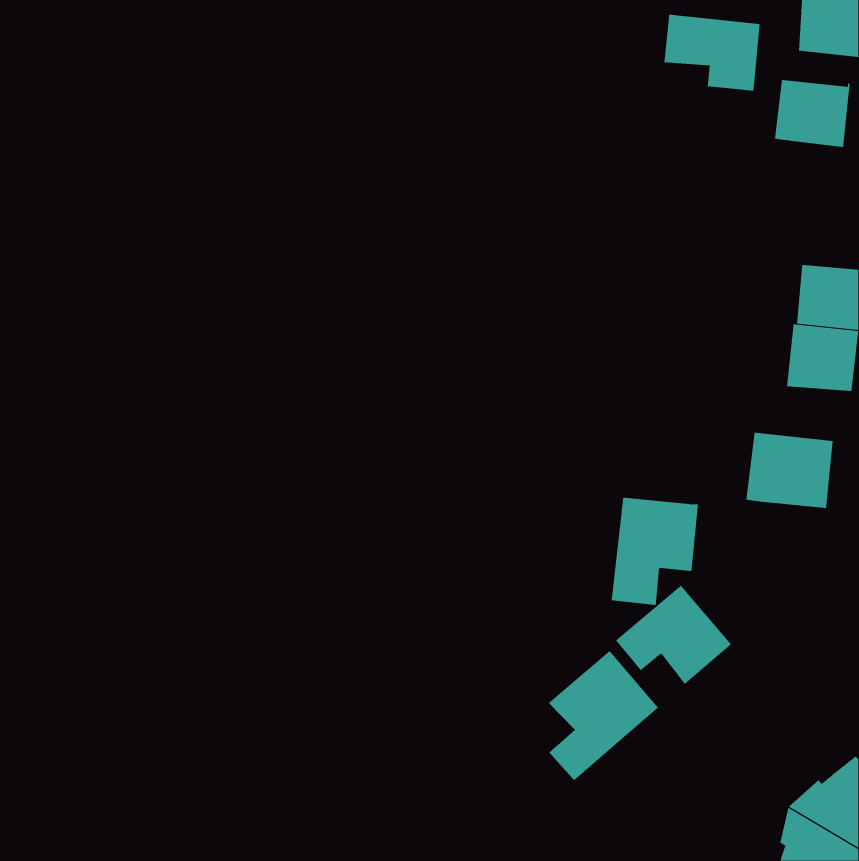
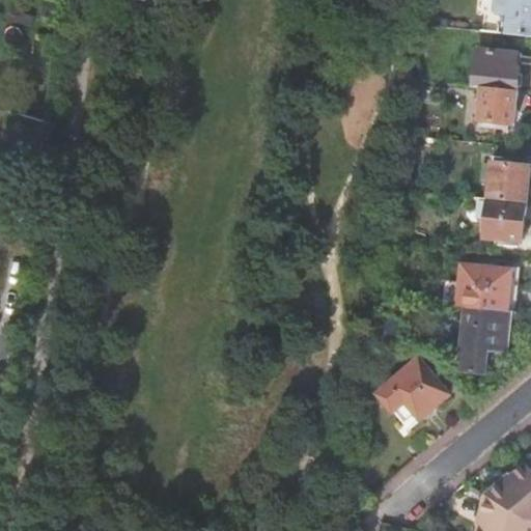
building: [664,14,760,91] -> none
building: none -> [479,86,516,124]
building: [611,497,699,606] -> [457,307,511,373]
building: [548,650,659,781] -> none

